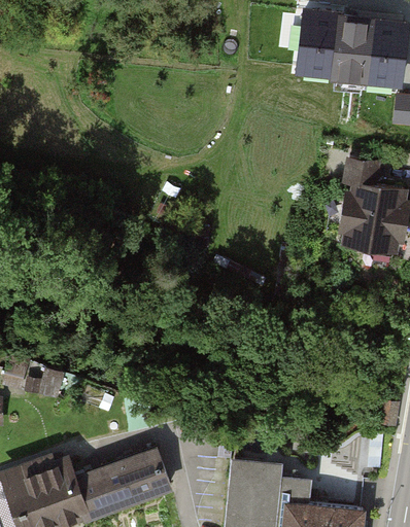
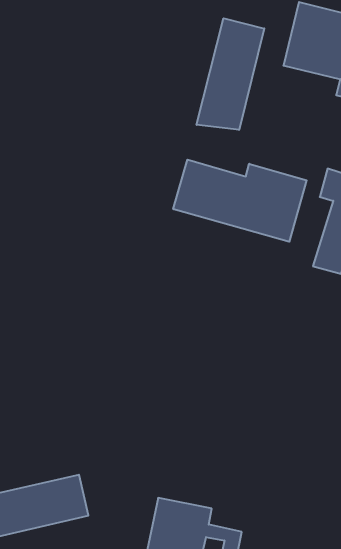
building: none -> [197,18,264,130]
building: none -> [173,160,307,242]

